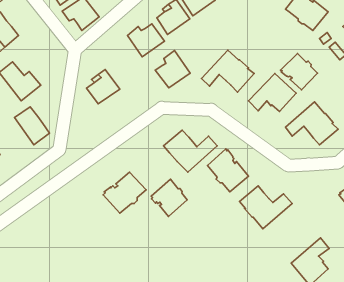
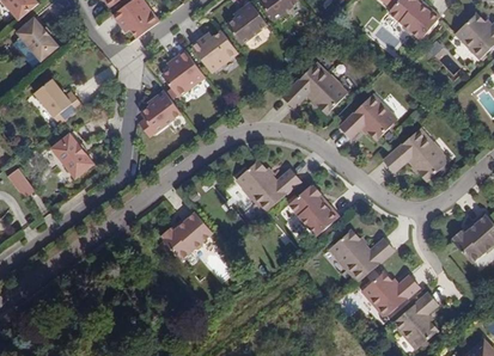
building: [155,51,190,88] -> [161,48,205,93]
building: [281,54,317,90] -> none
building: [151,179,187,217] -> none
building: none -> [361,271,420,318]

